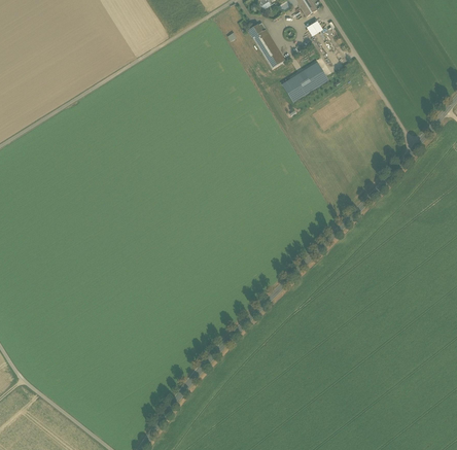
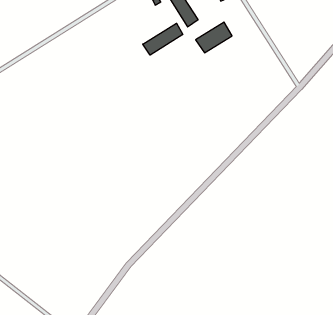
building: none -> [143,23,183,55]

